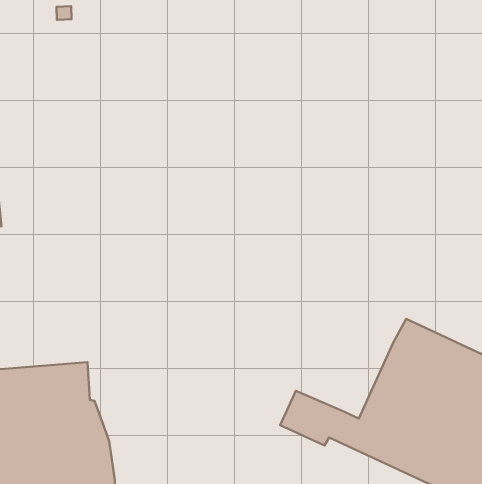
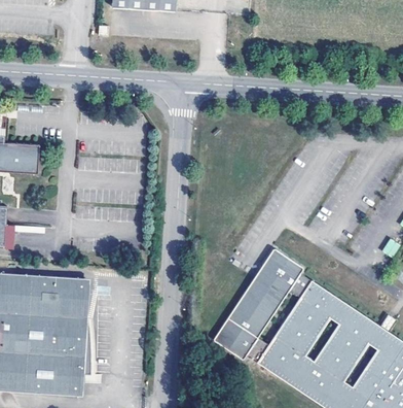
building: none -> [226,247,310,338]

